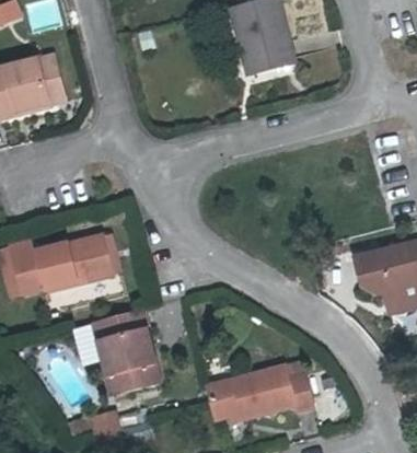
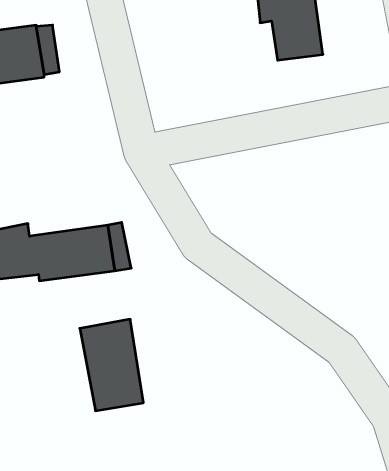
building: [198,367,313,425] -> none

